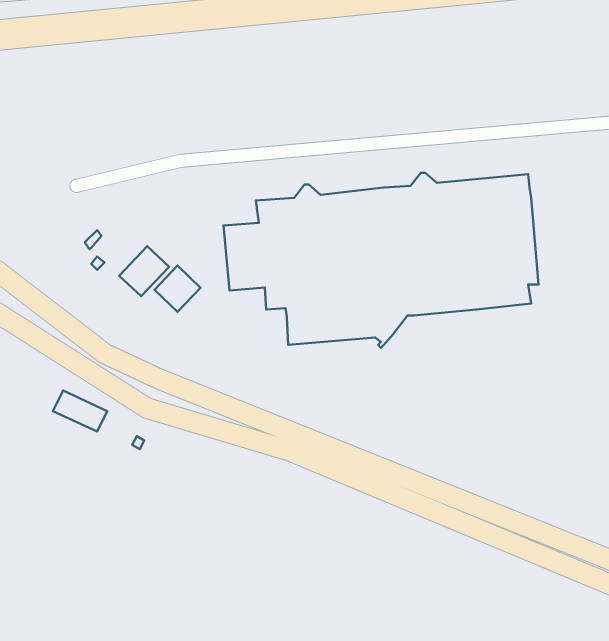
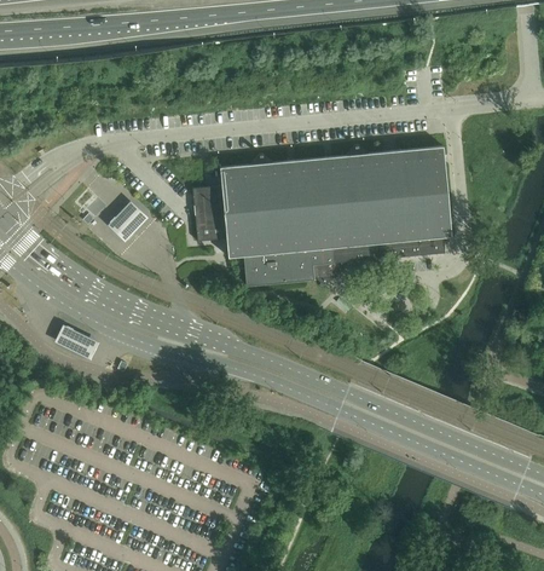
building: [155,265,201,312] -> none

